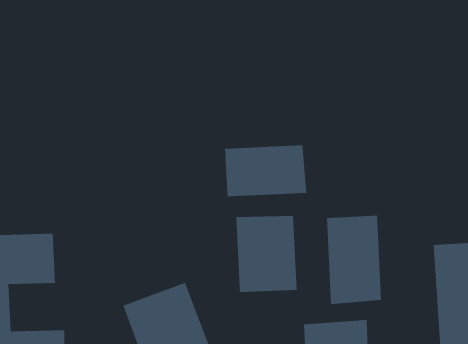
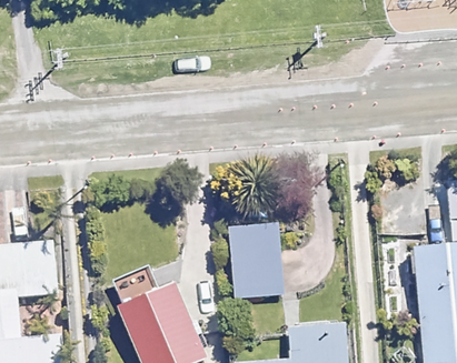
building: [224,145,307,197] -> none
building: [327,215,381,305] -> none

